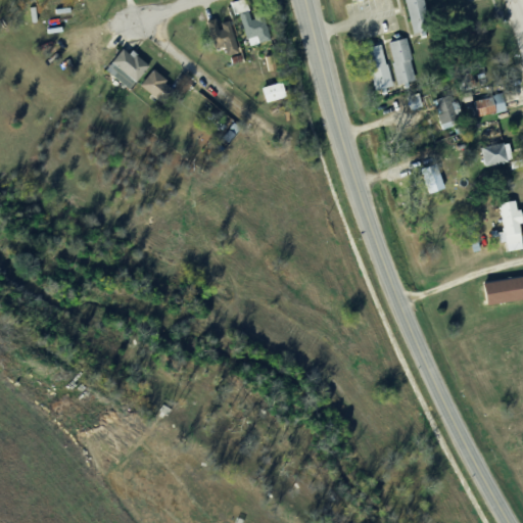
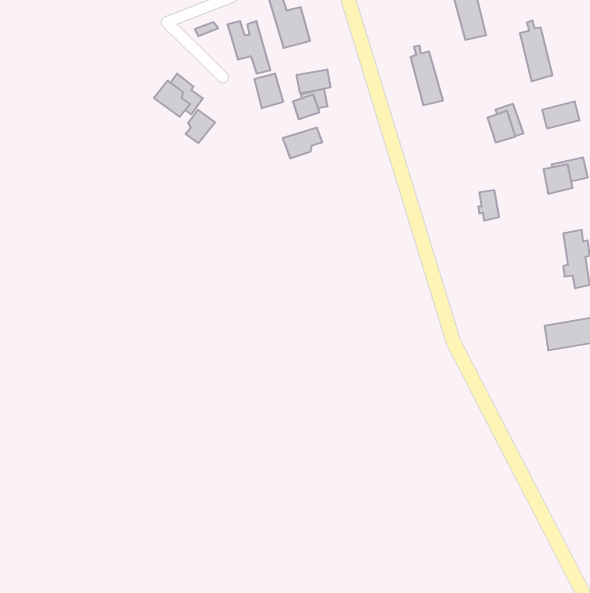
building: [387,33,416,86] -> [520,20,552,81]
building: [108,52,147,88] -> none
building: none -> [297,69,330,93]
building: none -> [254,73,283,108]
building: none -> [186,110,215,143]
building: none -> [283,127,322,158]

